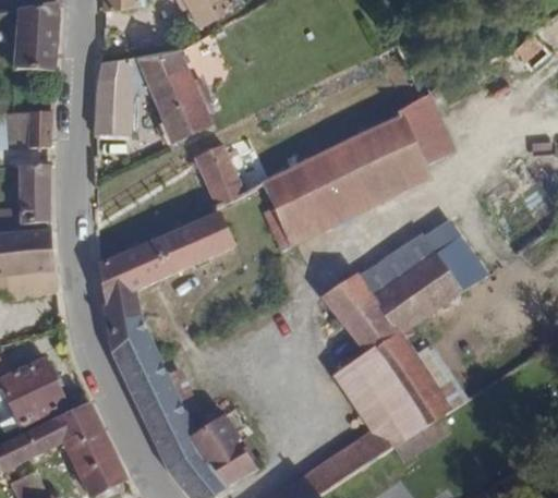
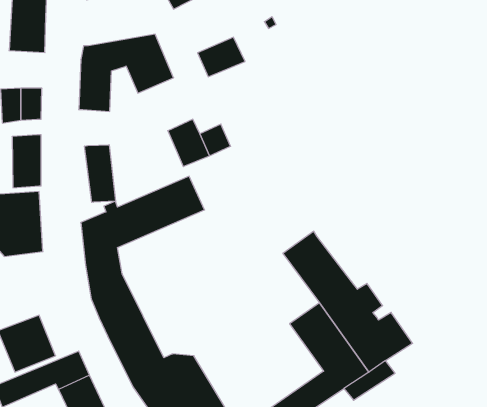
building: [260,93,452,248] -> none
building: [160,98,214,143] -> [198,37,245,77]
building: none -> [85,145,116,202]
building: [362,218,488,328] -> none

